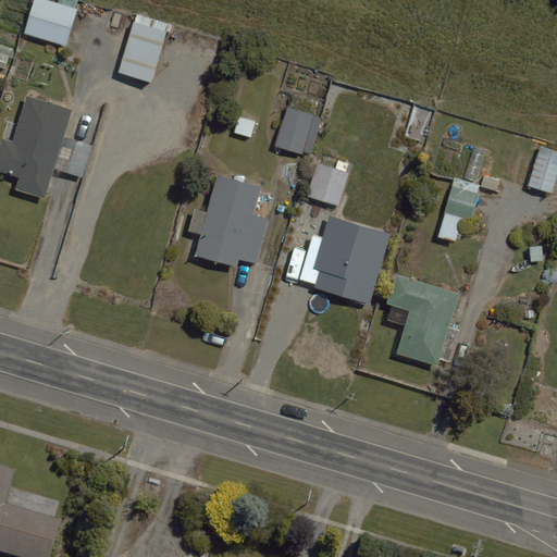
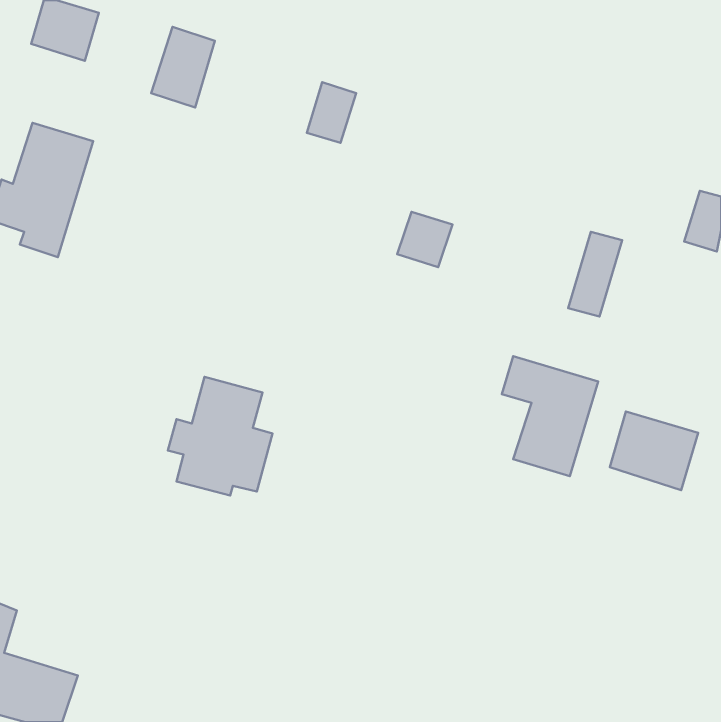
building: [274,107,312,153] -> [307,82,356,143]
building: [187,175,268,267] -> [168,377,272,496]
building: [299,215,389,305] -> none
building: none -> [610,411,698,490]

